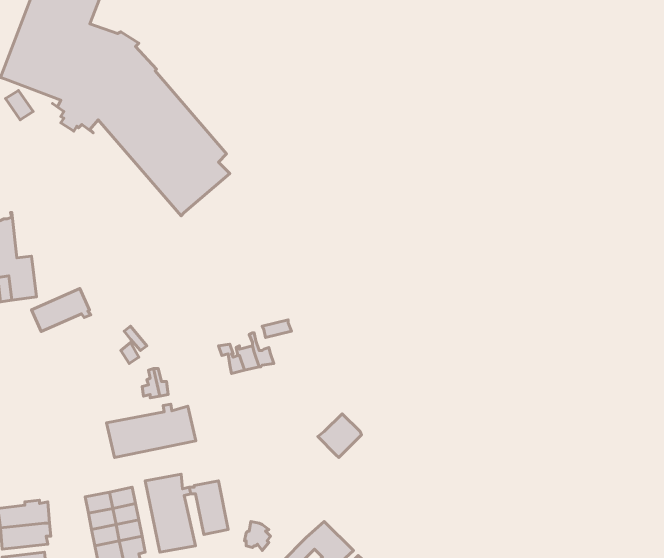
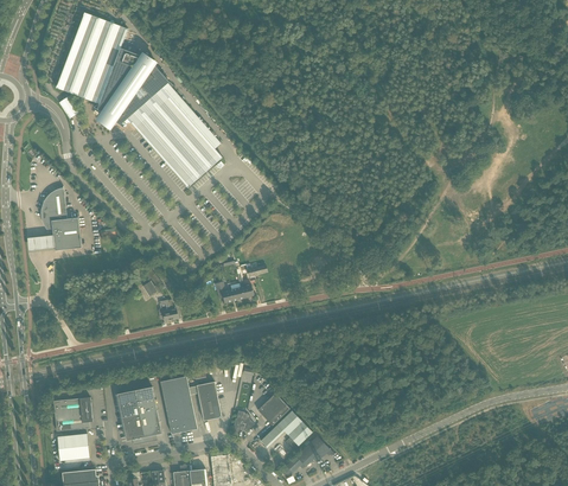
building: [32,288,91,332] -> none
building: [106,404,196,458] -> none
building: [318,414,362,458] -> [256,394,288,426]

